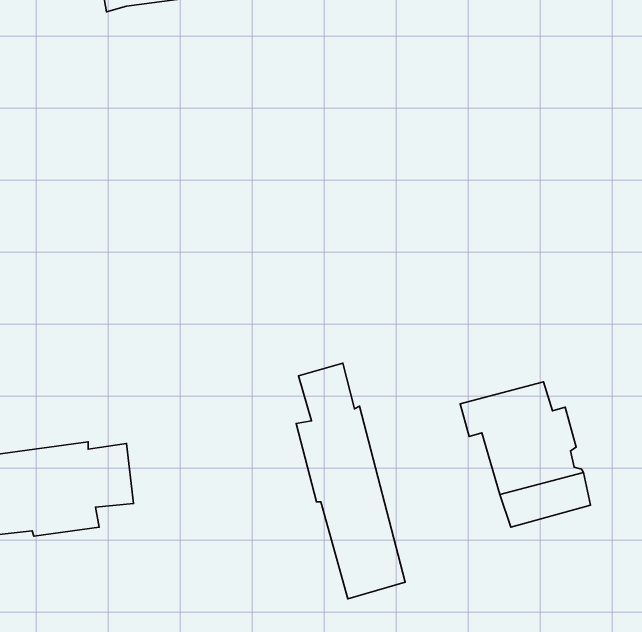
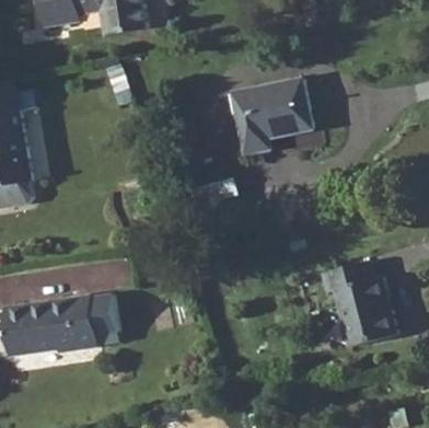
building: none -> [234,79,313,153]
building: [296,363,405,599] -> none

